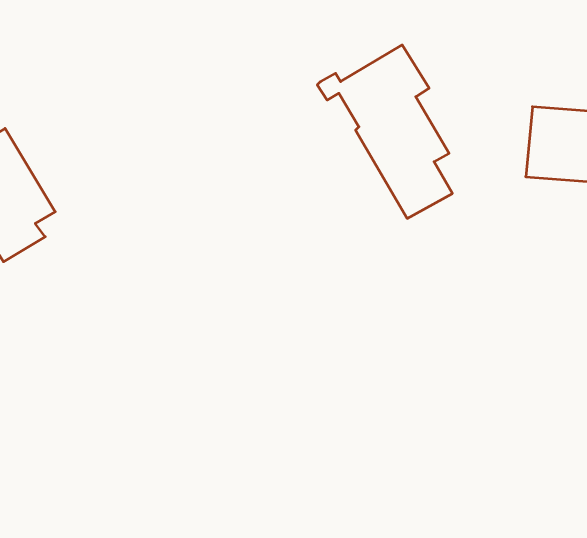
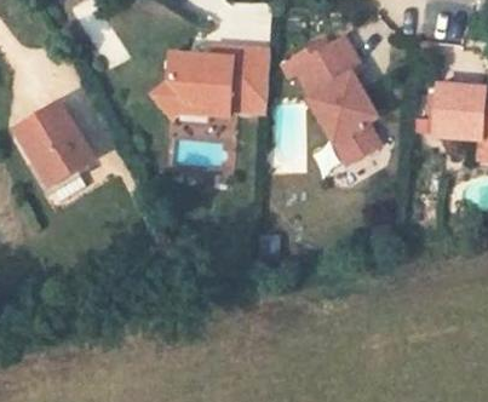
building: none -> [149,47,268,117]

